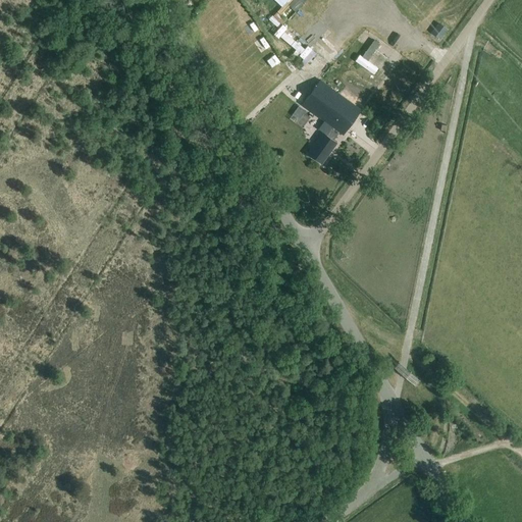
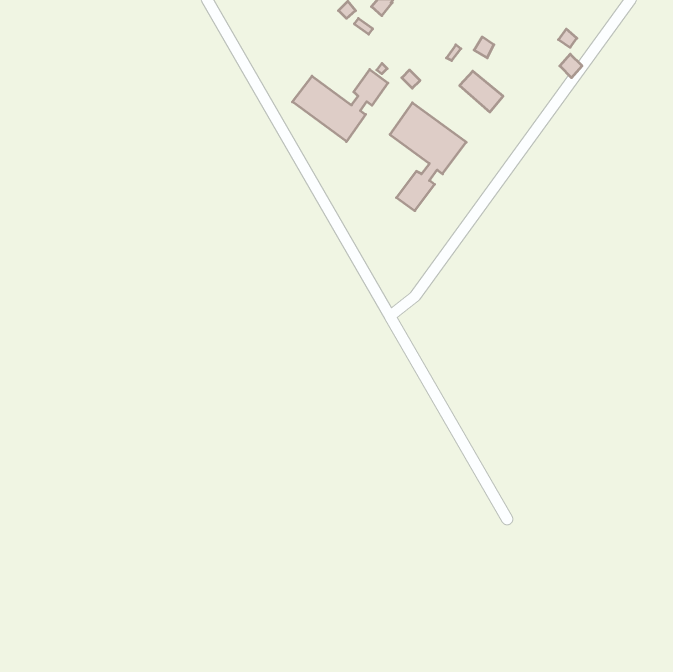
building: none -> [292,69,388,142]

